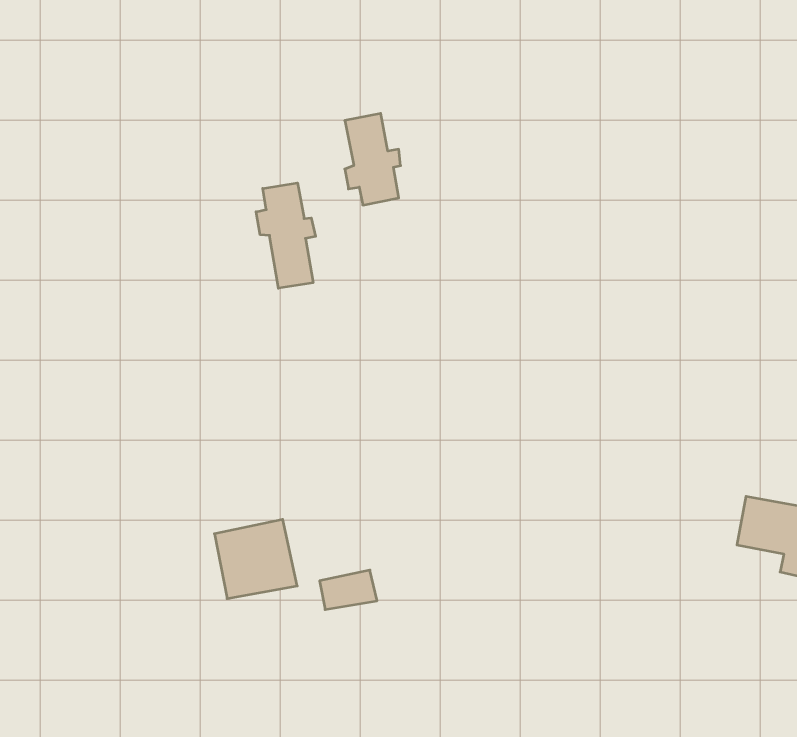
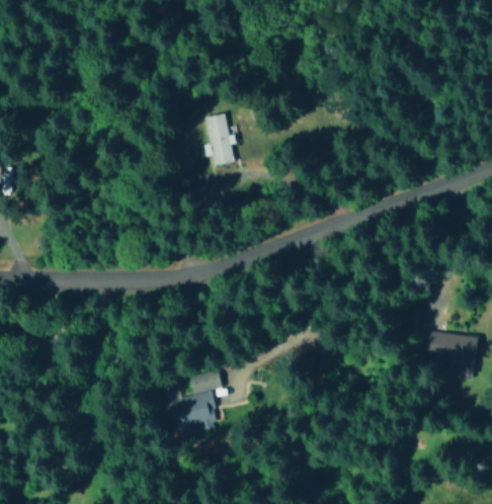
building: [256,183,316,288] -> none
building: [214,519,297,599] -> [172,391,219,435]

